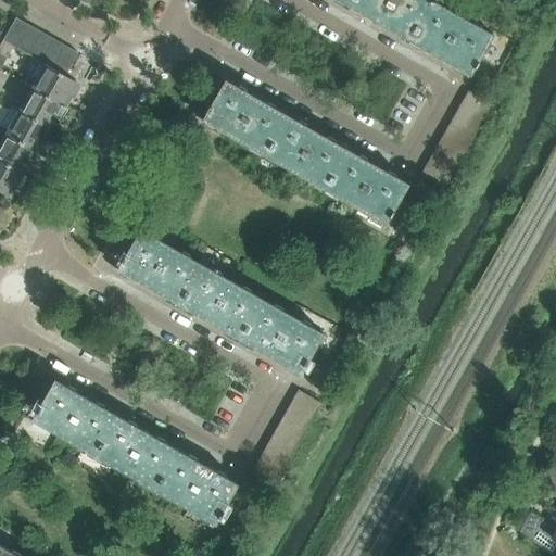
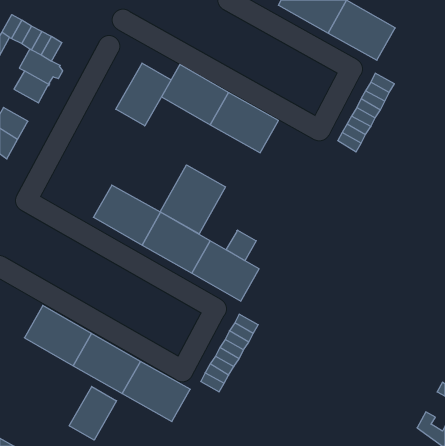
building: none -> [116,63,171,126]
building: [4,111,48,151] -> none
building: [324,150,407,225] -> none
building: none -> [160,165,225,234]
building: none -> [226,230,256,261]
building: none -> [69,386,117,440]

